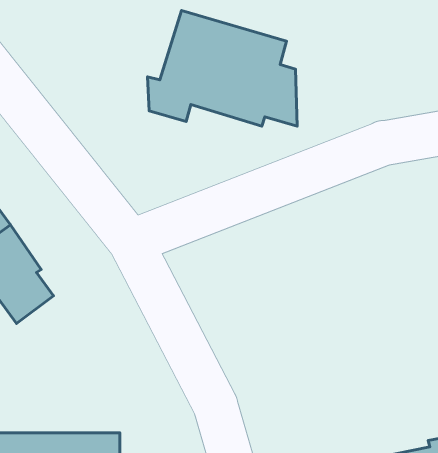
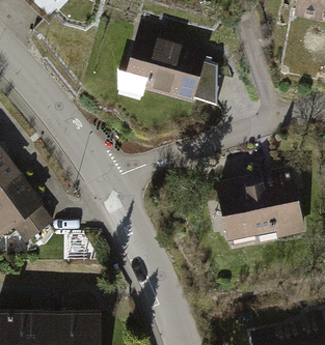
building: none -> [216,170,303,250]

